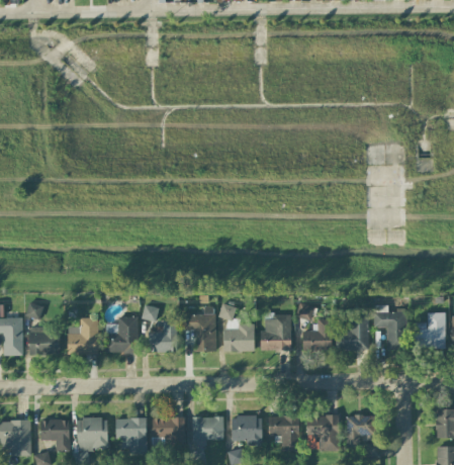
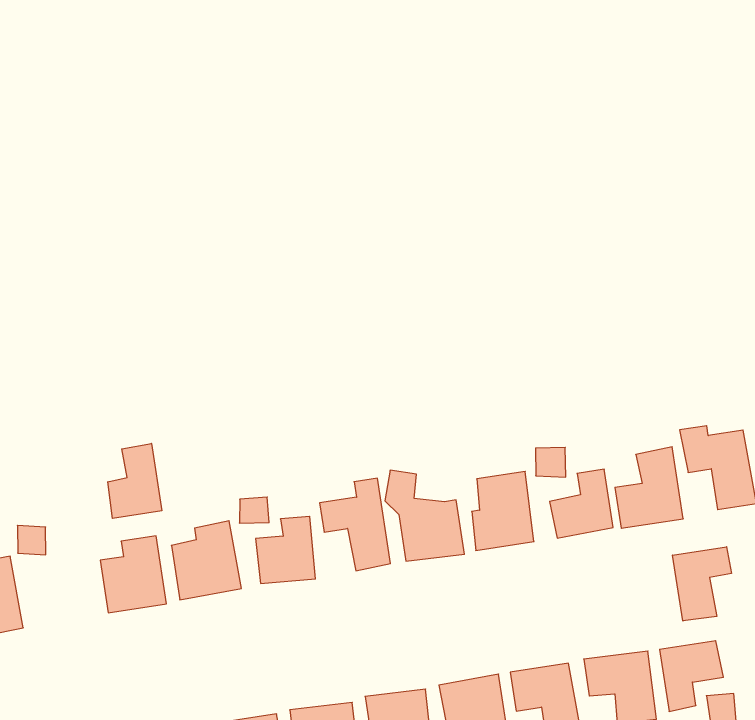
building: none -> [108,443,162,518]
building: [29,327,59,355] -> none
building: none -> [673,547,731,621]

